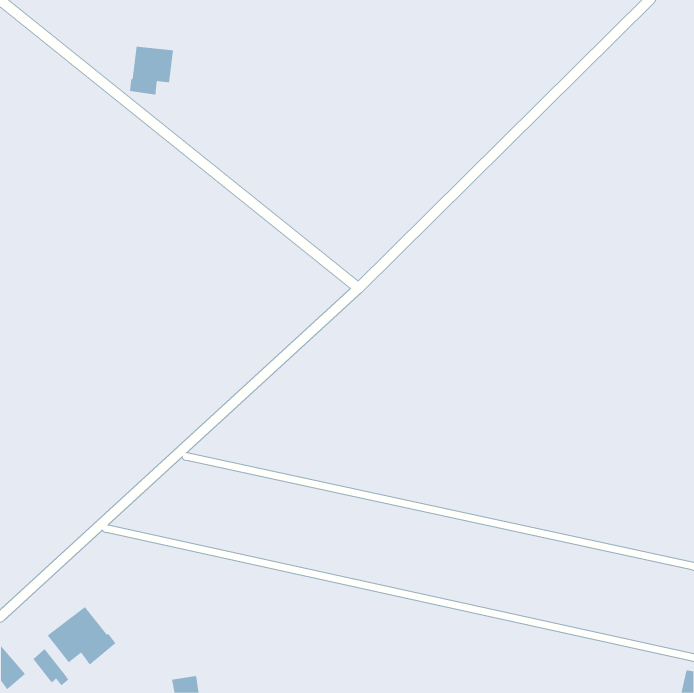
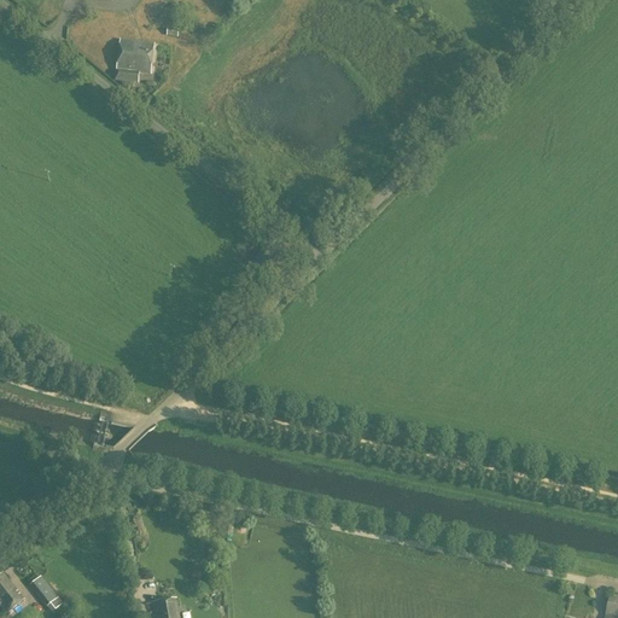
building: [47,606,116,665] -> none

